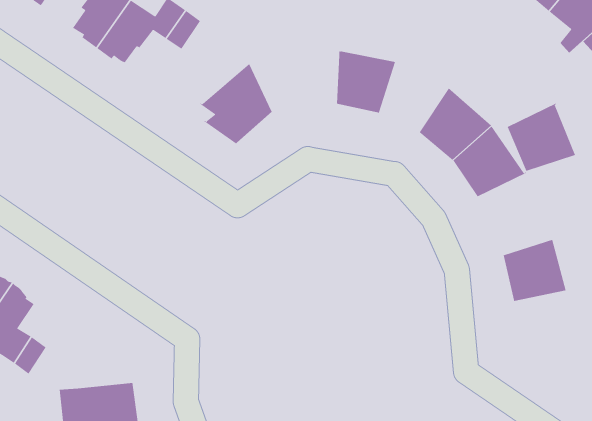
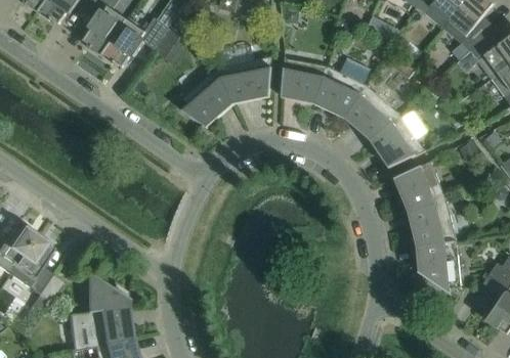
building: none -> [216,53,271,103]
building: none -> [314,65,367,119]
building: [507,102,576,171] -> [393,160,445,212]
building: none -> [416,238,462,294]
building: none -> [86,271,128,312]

